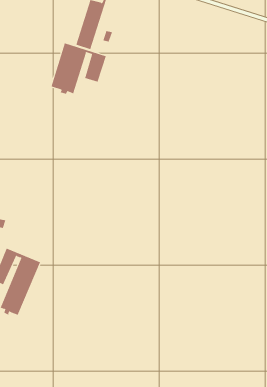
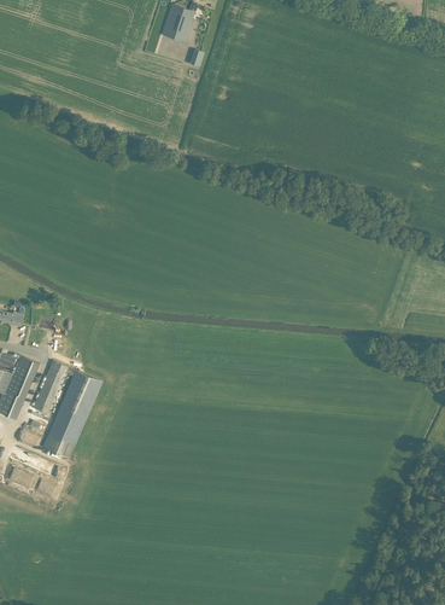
building: [51,43,106,94] -> none

